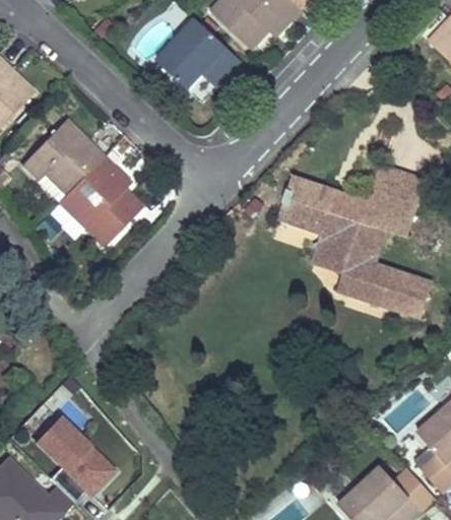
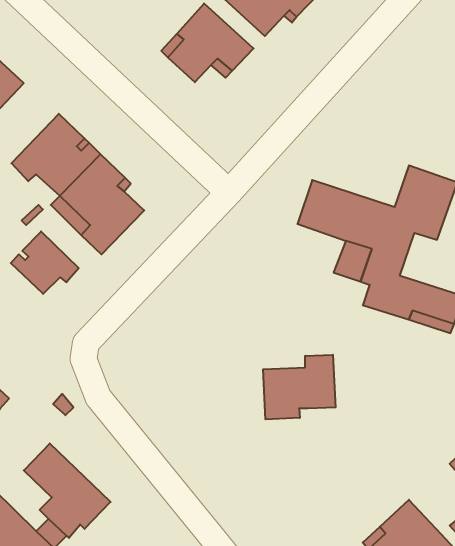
building: none -> [11,231,79,294]
building: none -> [263,355,336,419]

